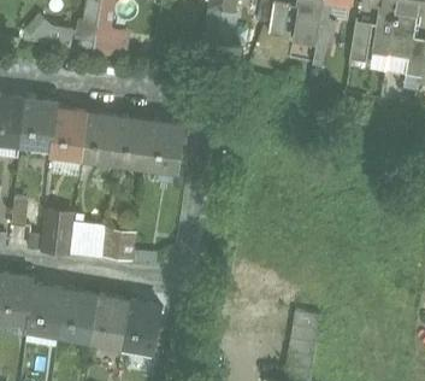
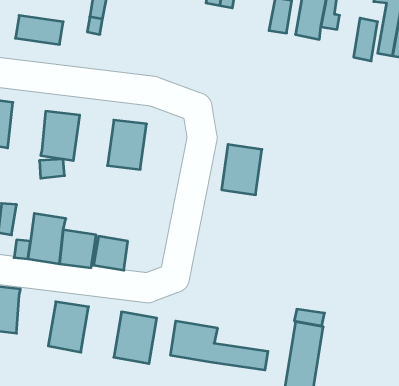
building: [20,101,58,147] -> none
building: [83,113,122,162] -> none
building: [147,122,185,170] -> [222,144,262,195]
building: [28,286,66,334] -> none
building: [90,297,129,345] -> none
building: none -> [171,321,268,370]

